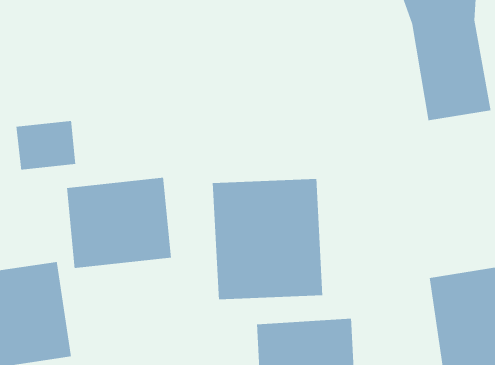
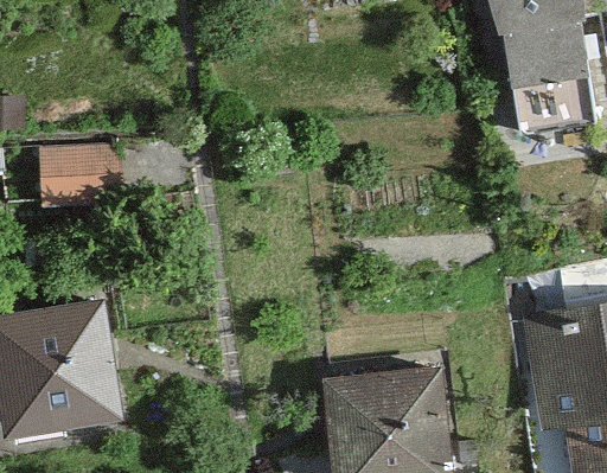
building: [66,177,172,269] -> none
building: [212,178,323,300] -> none

